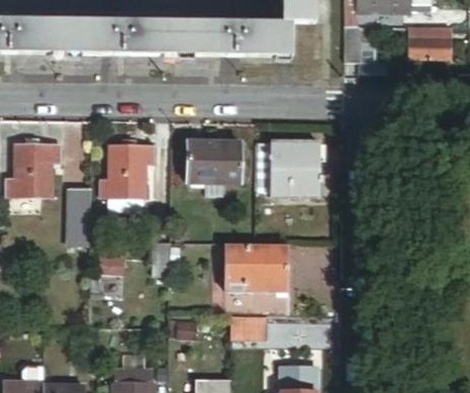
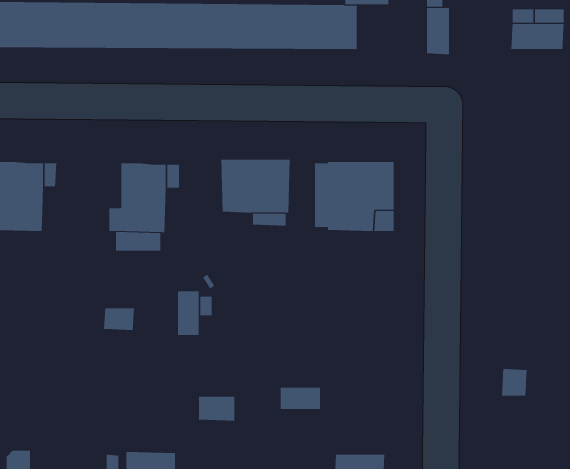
building: [66,185,91,244] -> none
building: [228,242,290,292] -> none

